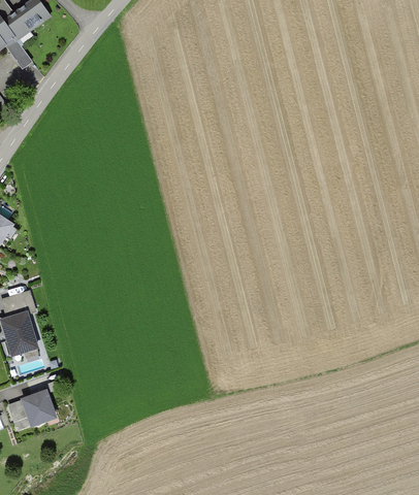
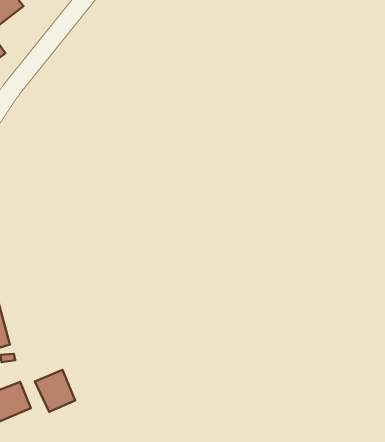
building: none -> [35,370,75,412]

